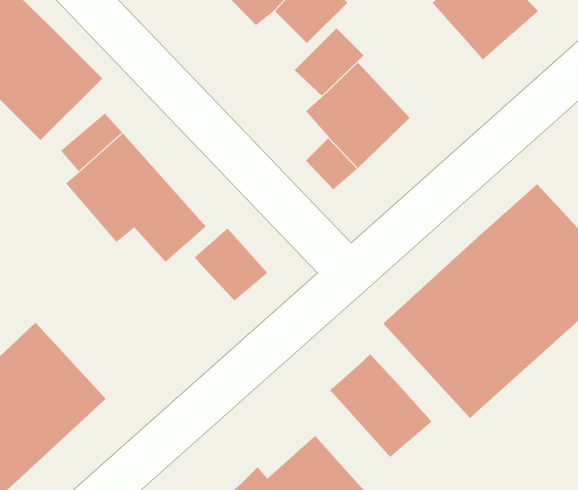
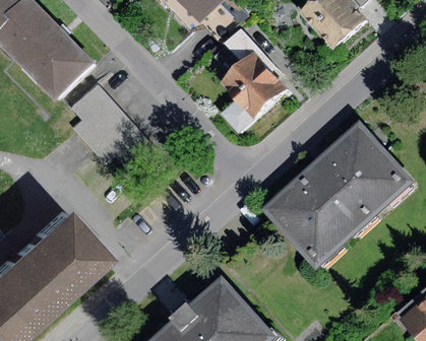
building: [194,227,268,301] -> none
building: [330,354,432,458] -> none

